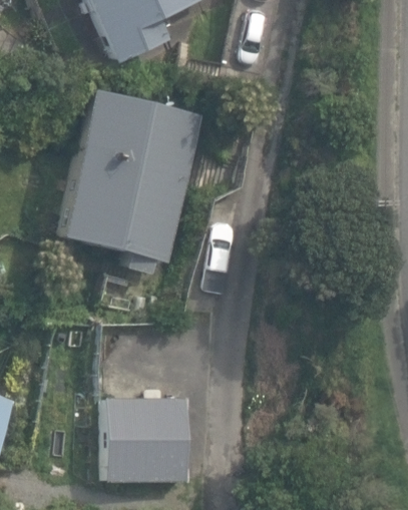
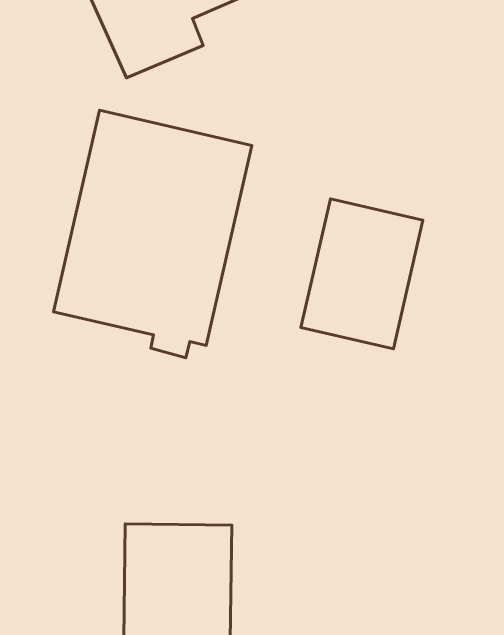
building: none -> [301,199,423,349]

